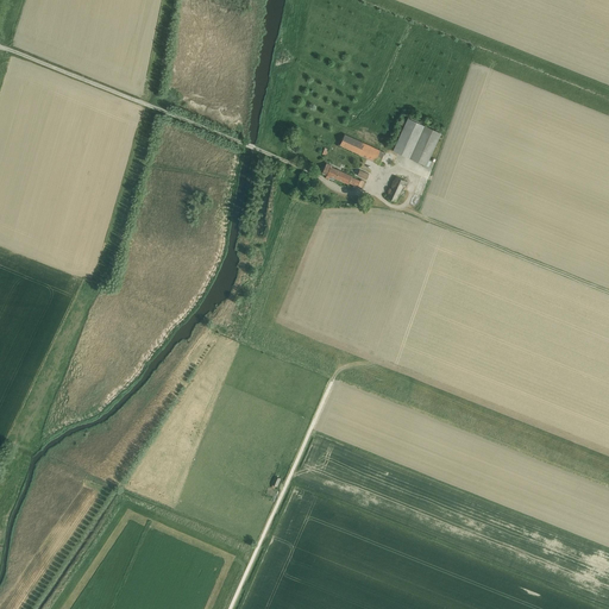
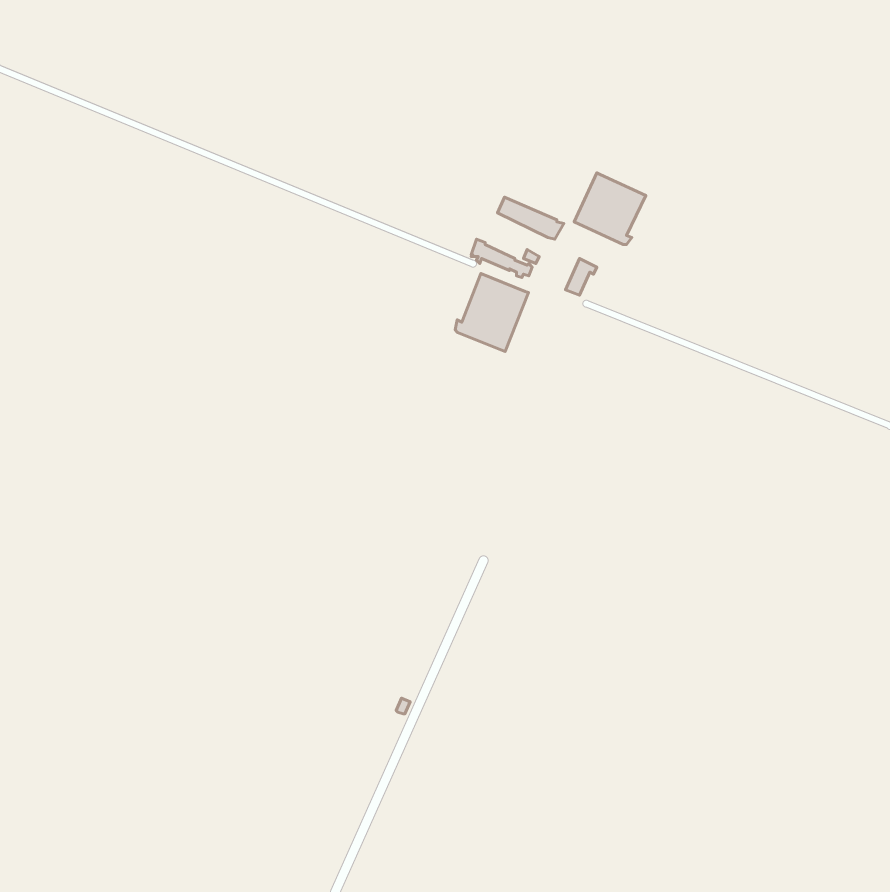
building: none -> [455,274,529,352]

